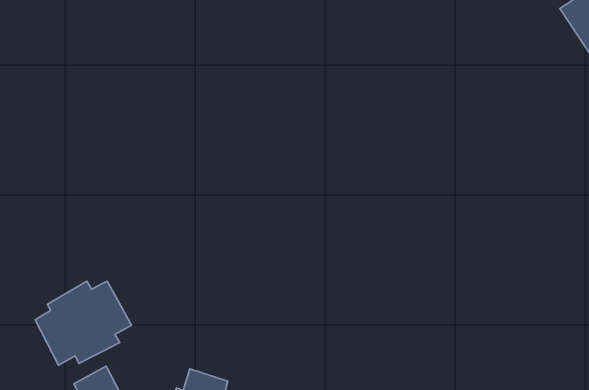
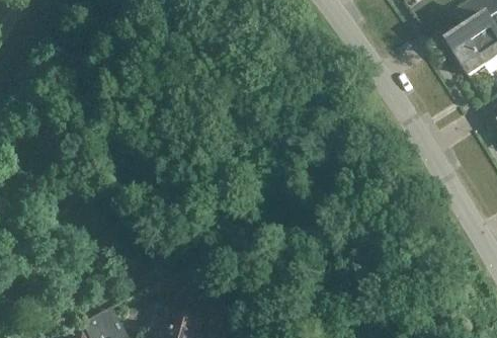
building: [35,281,131,365] -> none

